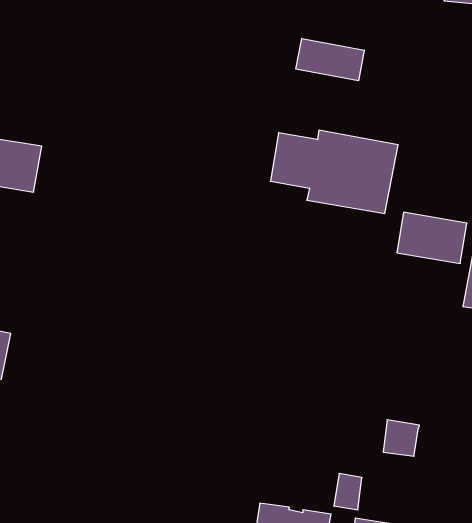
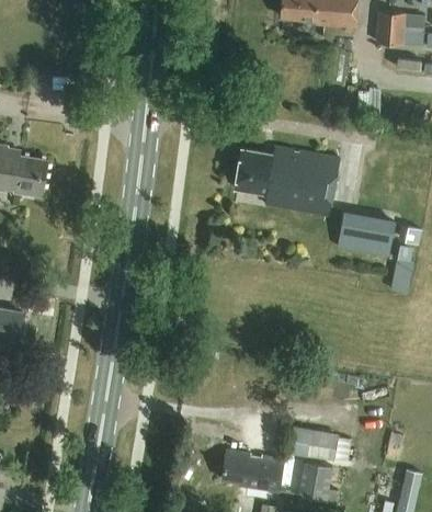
building: [296,38,364,81] -> none
building: [383,420,419,456] -> [307,430,337,459]

